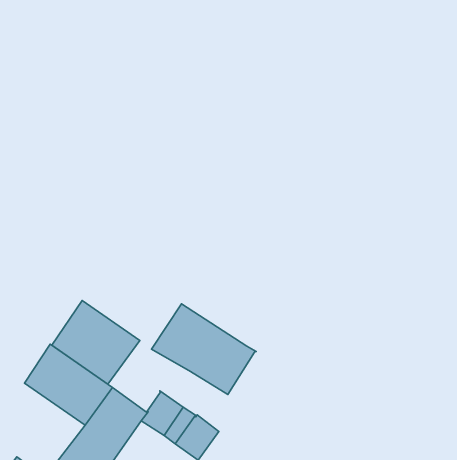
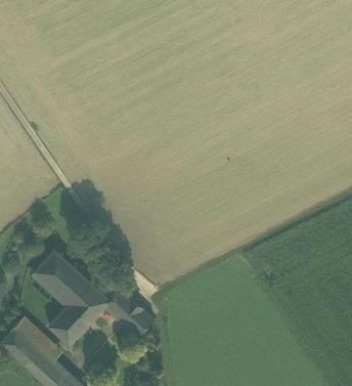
building: [52,300,140,384] -> none
building: [152,304,256,395] -> none

